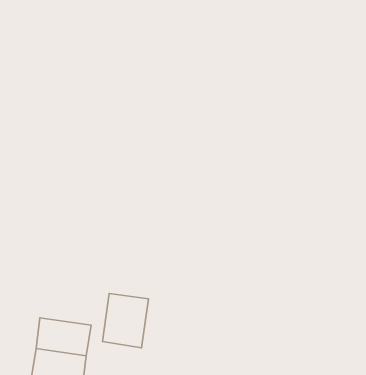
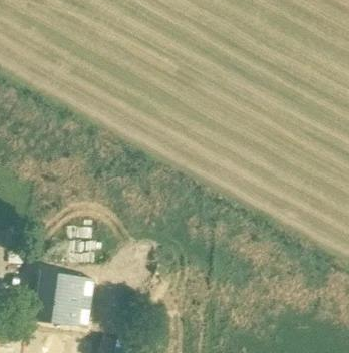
building: [103,294,149,348] -> none

